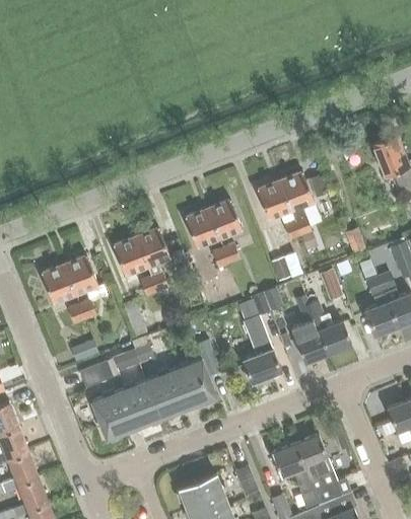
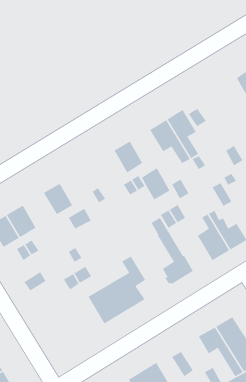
building: [187,208,220,247] -> [141,167,170,200]
building: [137,227,170,267] -> none
building: [79,358,119,388] -> none
building: [90,380,160,439] -> none

